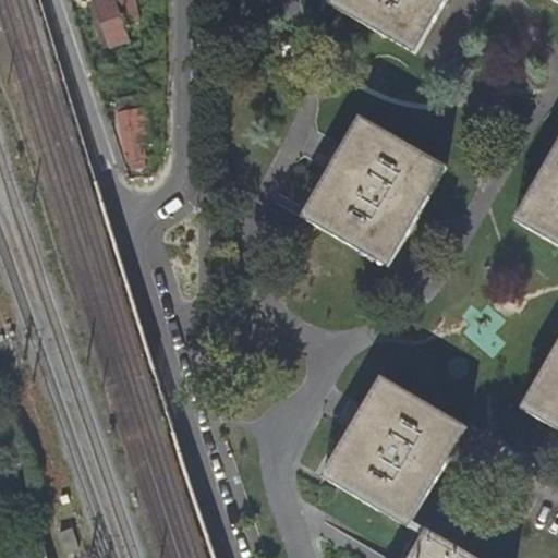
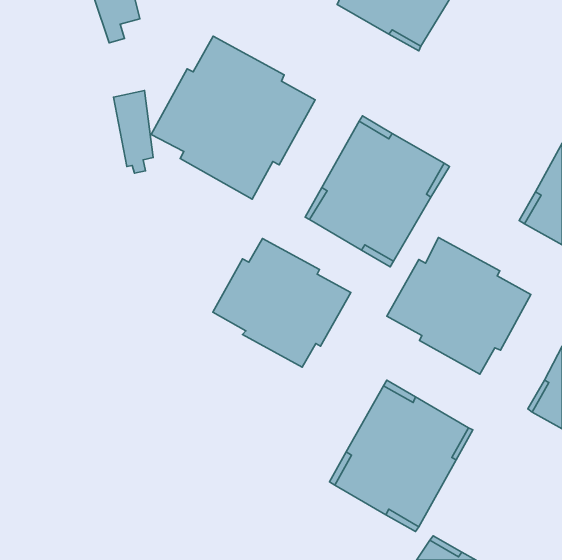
building: none -> [151,36,315,199]
building: none -> [387,237,531,374]
building: none -> [213,238,351,367]

